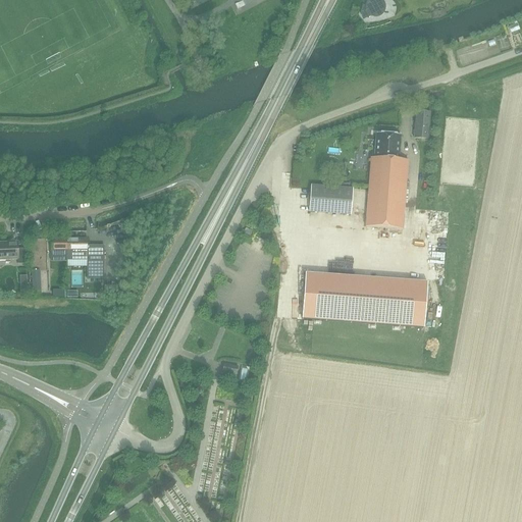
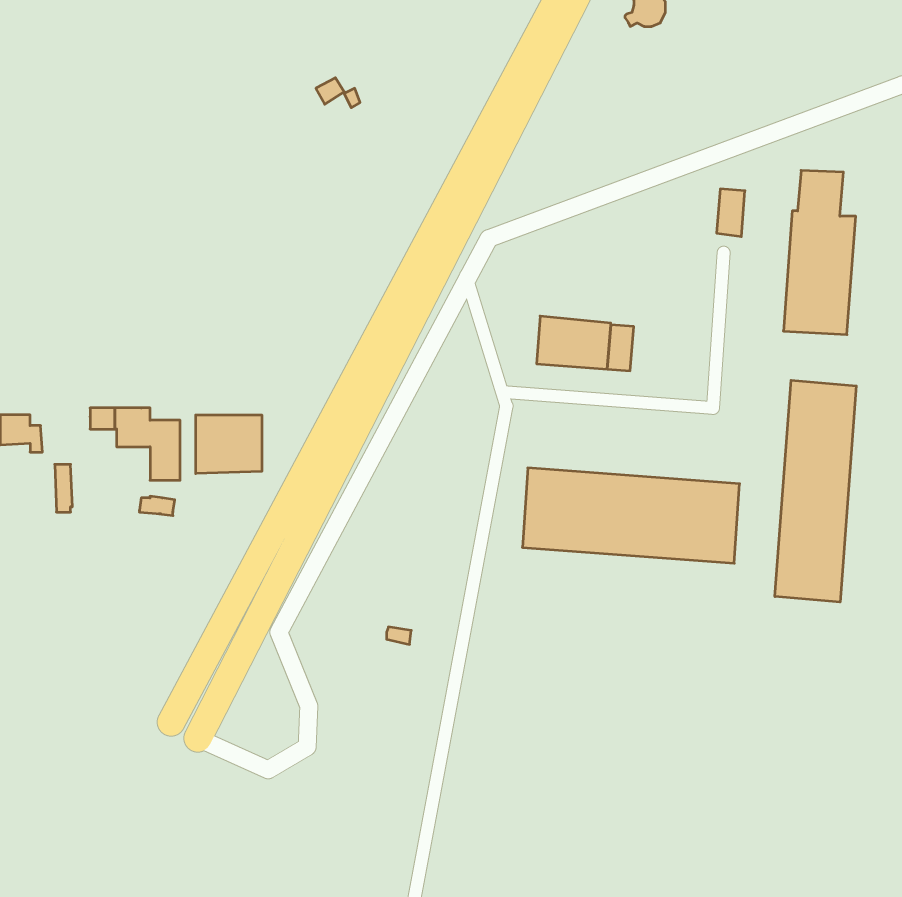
building: [366,132,408,226] -> [783,170,856,335]
building: none -> [775,380,856,602]
building: none -> [196,415,262,474]

